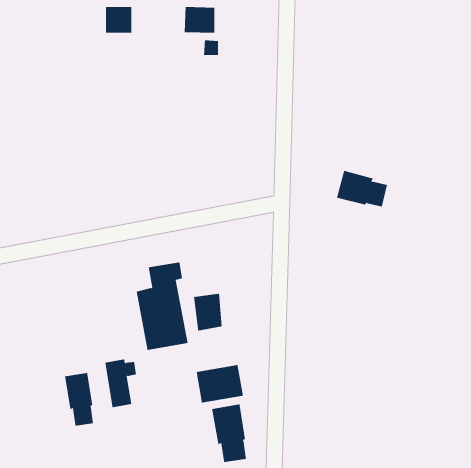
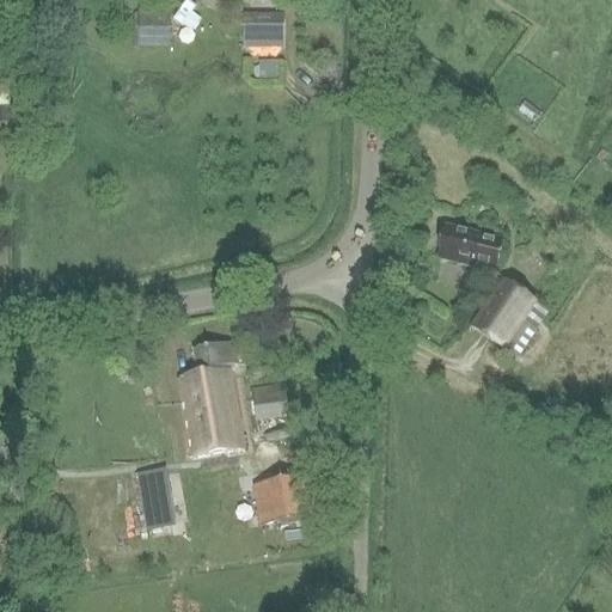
building: none -> [471,277,547,350]
building: [64,372,94,427] -> none
building: [211,403,247,463] -> none

